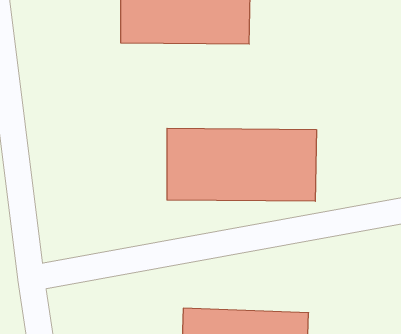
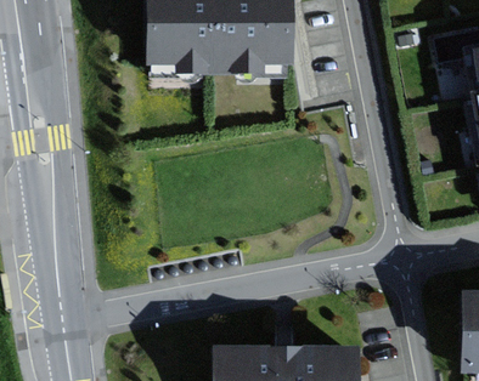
building: [167,128,316,201] -> none

